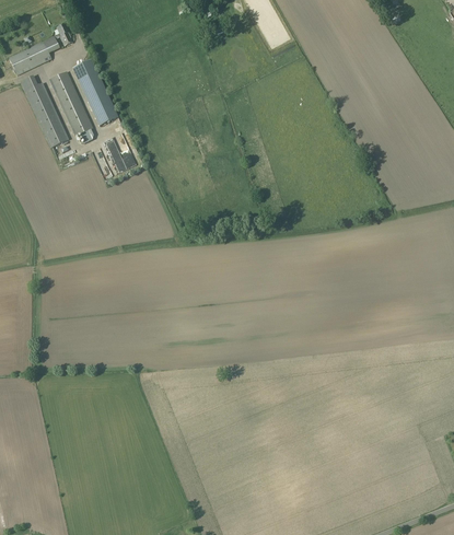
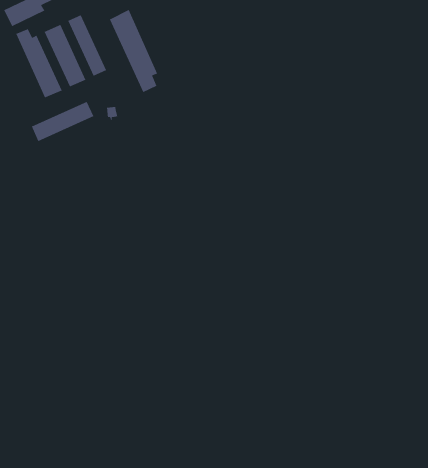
building: none -> [109,9,158,93]
building: none -> [31,101,94,142]

